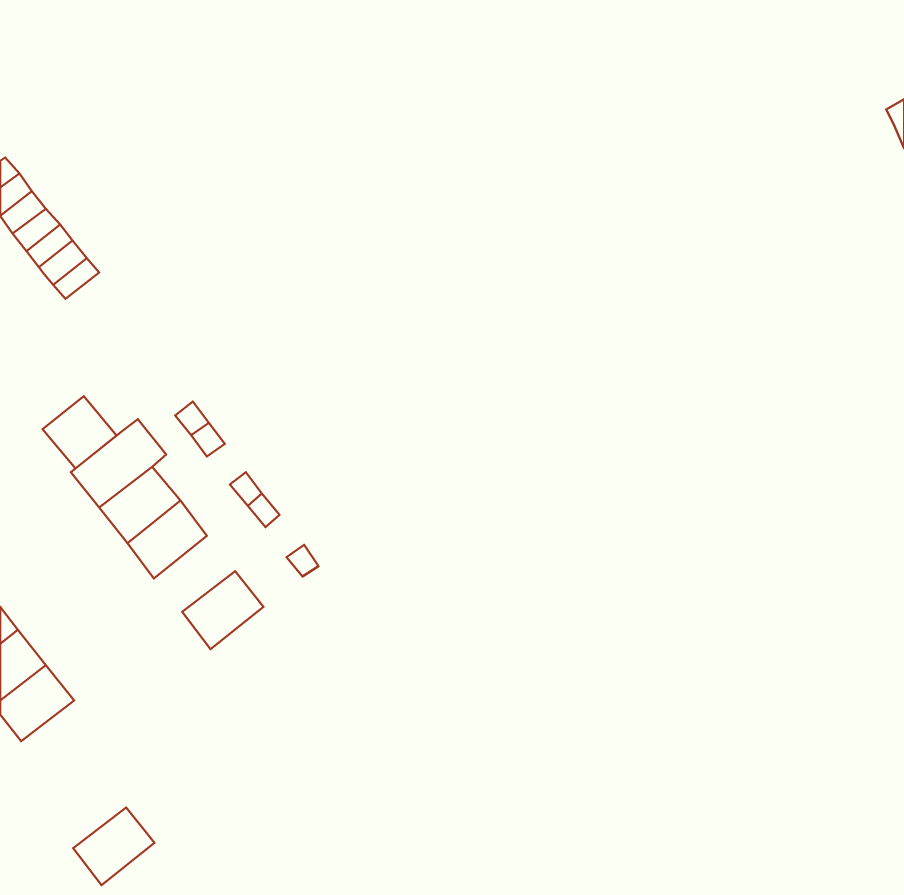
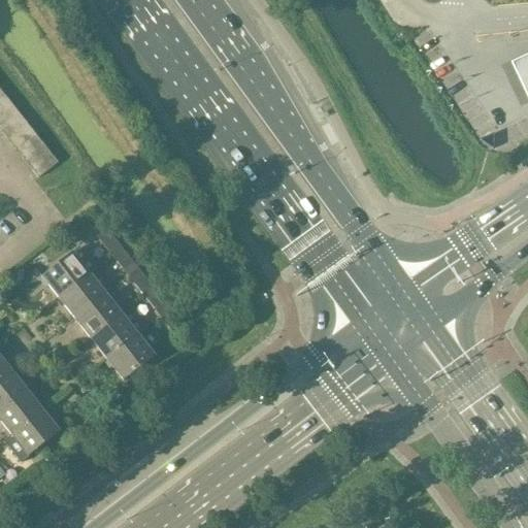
building: [43,396,117,469] -> none
building: none -> [90,312,137,357]
building: [73,807,155,885] -> [12,408,60,454]

